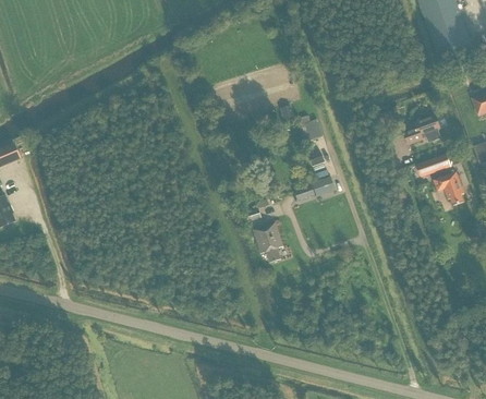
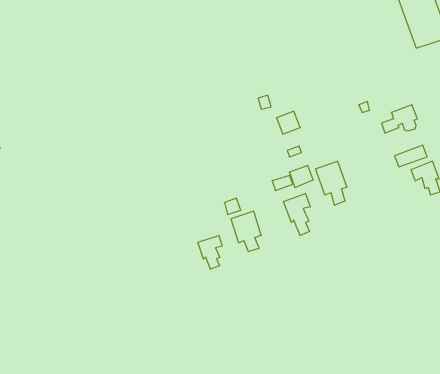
building: none -> [315,161,347,205]
building: none -> [283,193,310,236]
building: none -> [198,236,222,269]

